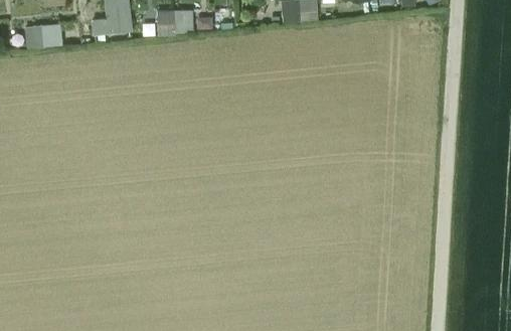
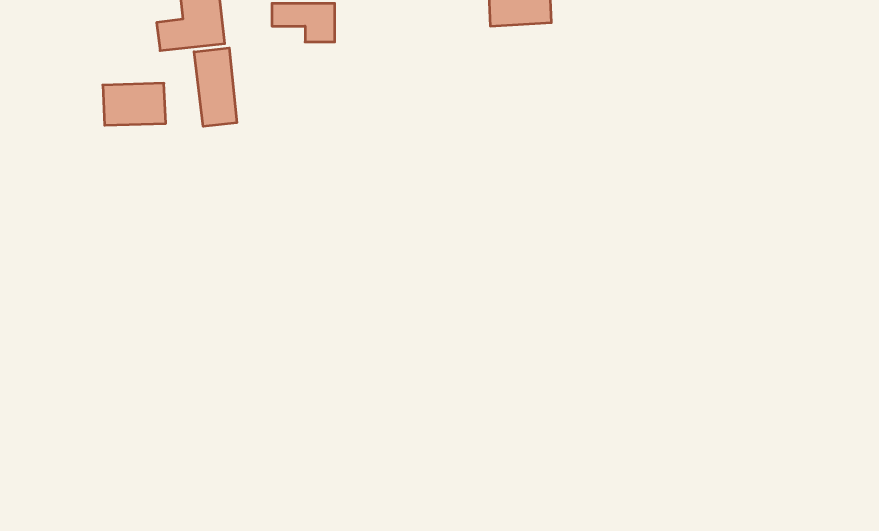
building: [25,24,61,48] -> [103,83,166,125]
building: none -> [194,48,237,126]

